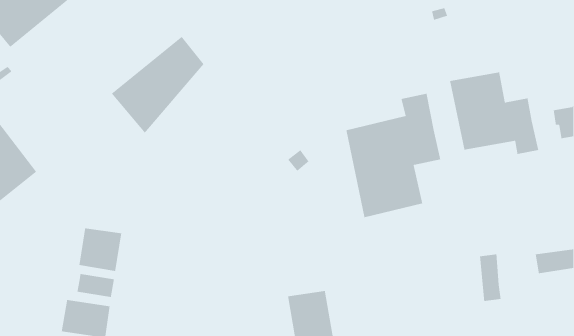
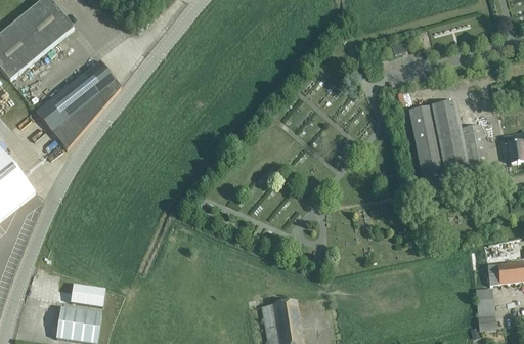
building: [111,36,204,134] -> [36,59,121,148]
building: [345,93,441,218] -> none
building: [79,227,122,272] -> none
building: [479,253,502,302] -> [476,287,496,331]

